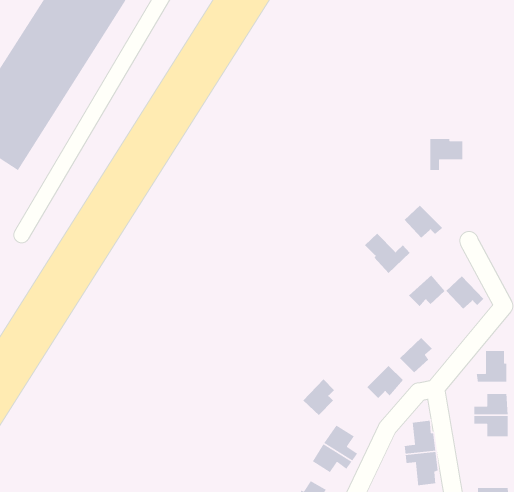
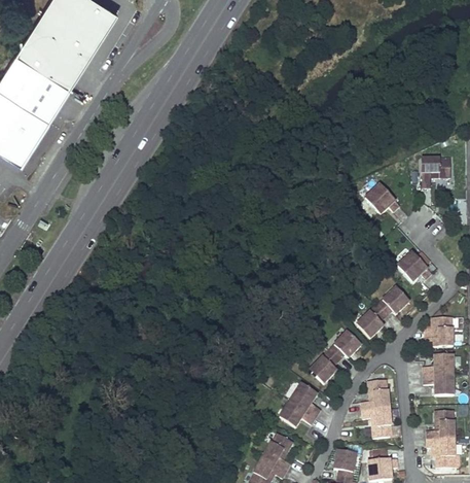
building: [429,138,463,171] -> [421,160,450,188]
building: [364,233,410,274] -> none
building: [408,274,446,307] -> [376,287,409,316]
building: [302,379,335,416] -> [310,350,338,383]
building: none -> [426,410,454,439]

